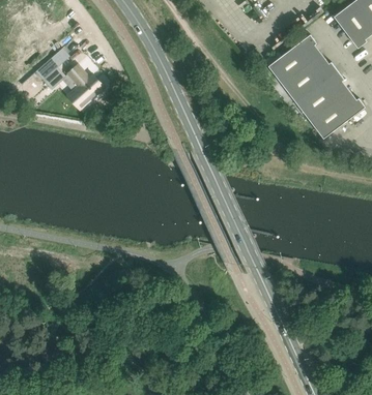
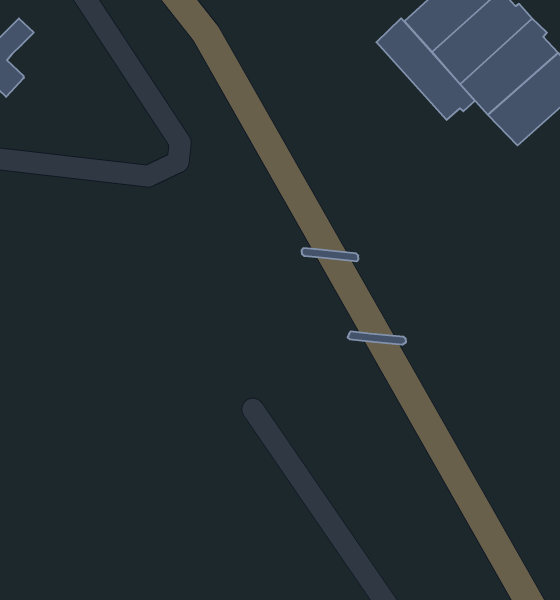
building: none -> [376,18,475,120]
building: [63,65,104,103] -> none

